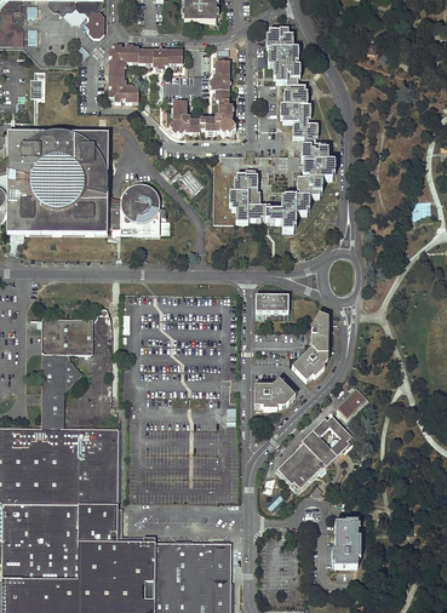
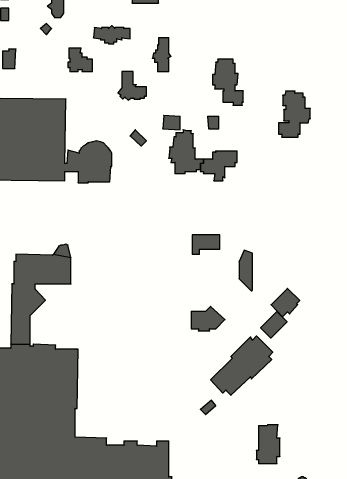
building: [265,29,299,87] -> none
building: [108,45,139,74] -> none
building: [201,102,235,136] -> none
building: [296,142,333,196] -> [279,91,310,137]
building: [292,348,326,382] -> [271,288,300,317]

